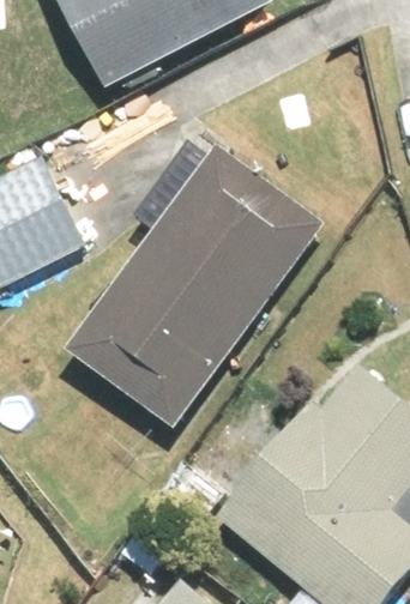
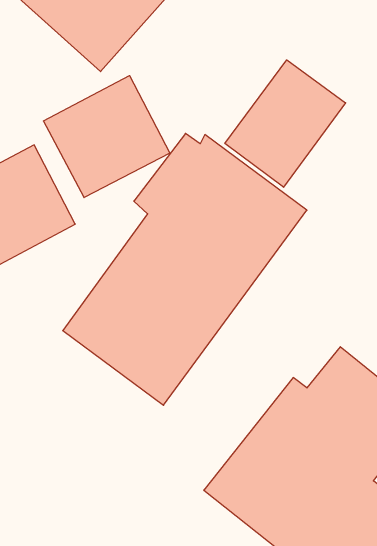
building: none -> [225,60,346,187]
building: none -> [43,76,170,198]

